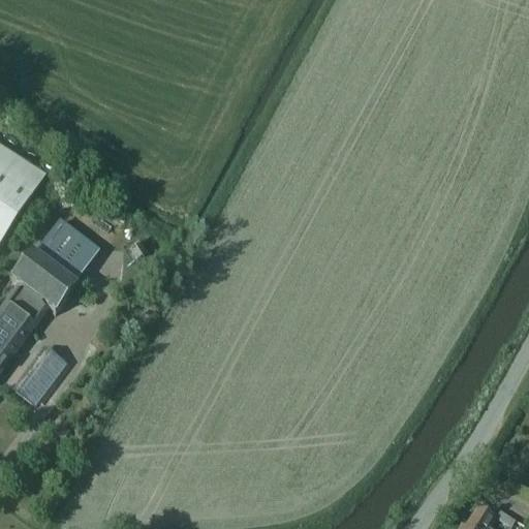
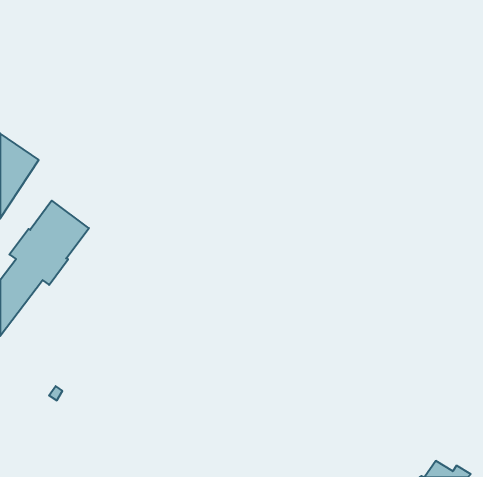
building: [13,346,63,401] -> none

